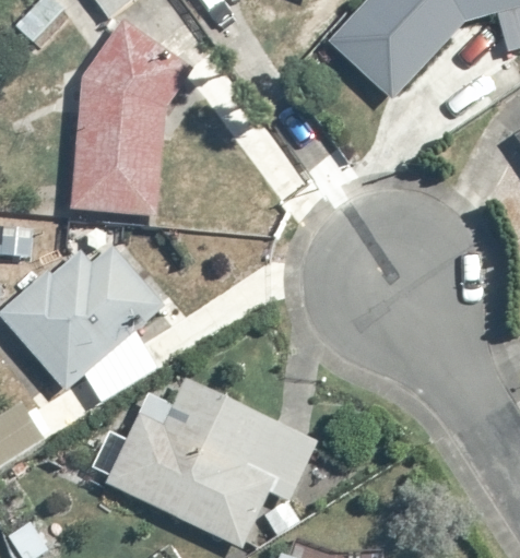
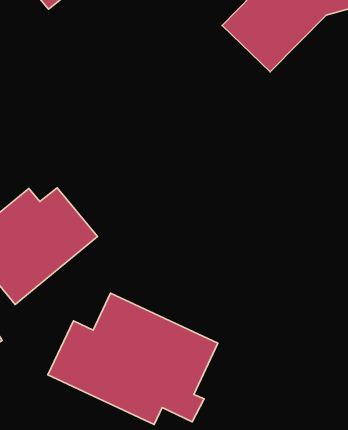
building: [74,21,180,212] -> none

